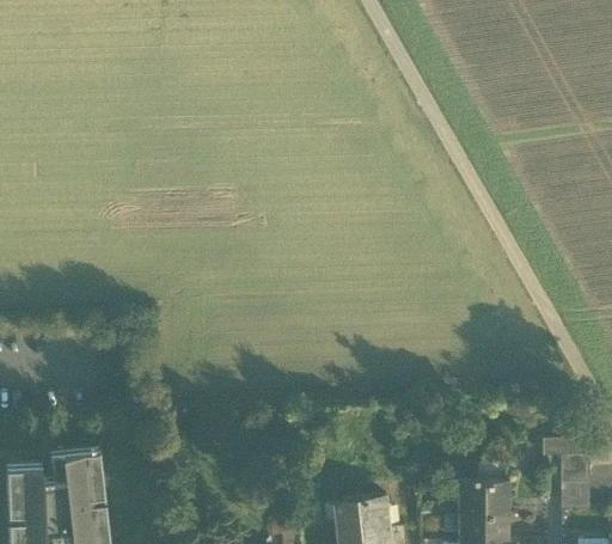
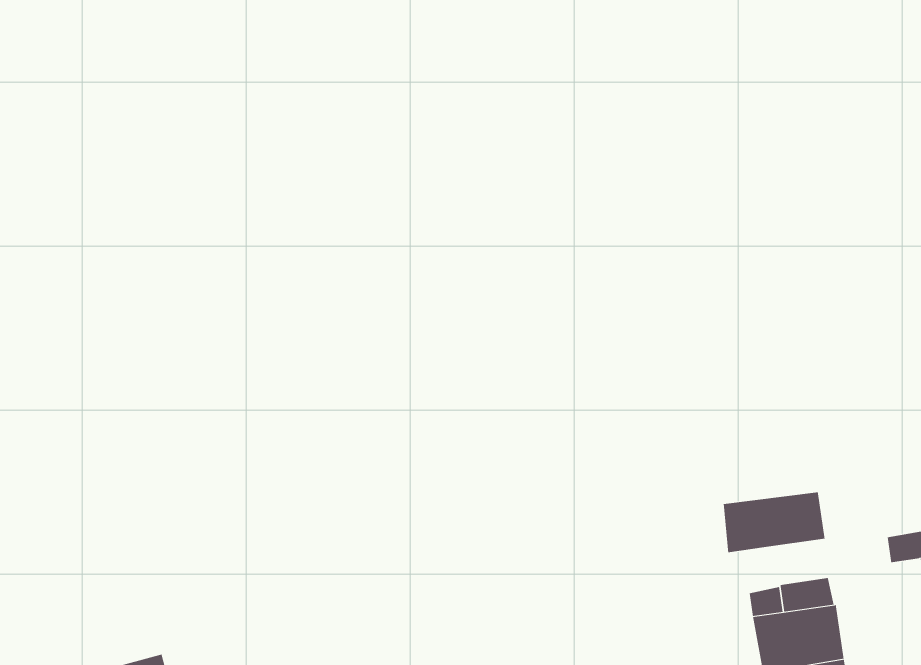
building: none -> [723,491,825,553]

